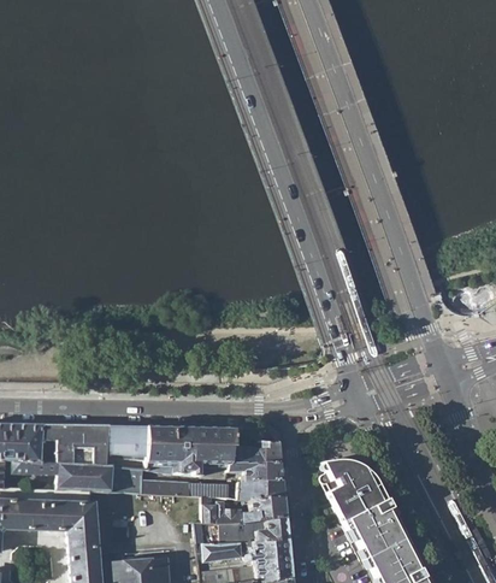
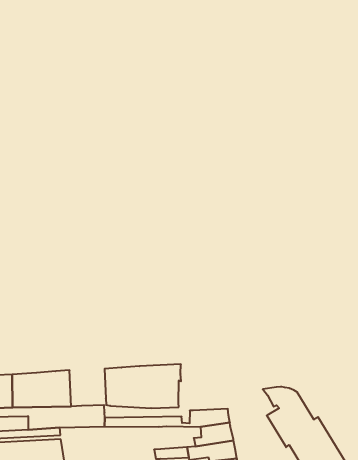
building: [108,425,149,466] -> none
building: [230,440,285,482] -> none
building: [206,496,246,522] -> none

